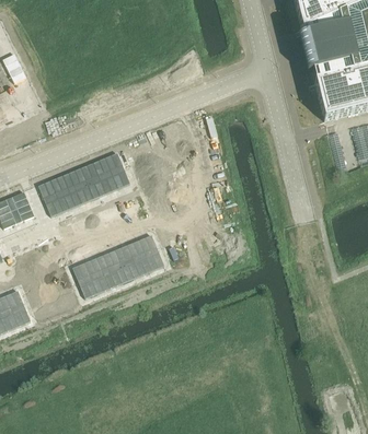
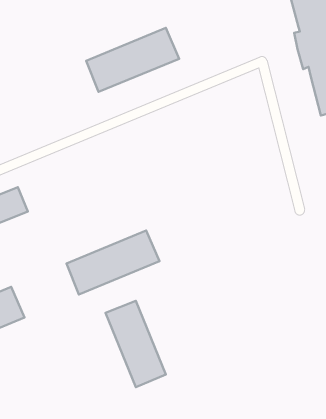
building: [39,152,131,215] -> [86,28,179,92]
building: none -> [105,301,166,387]

